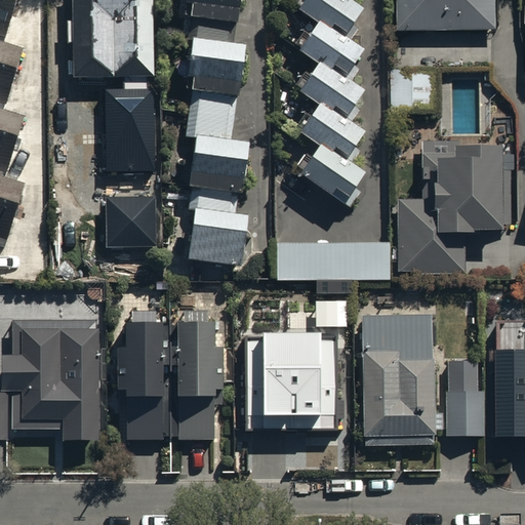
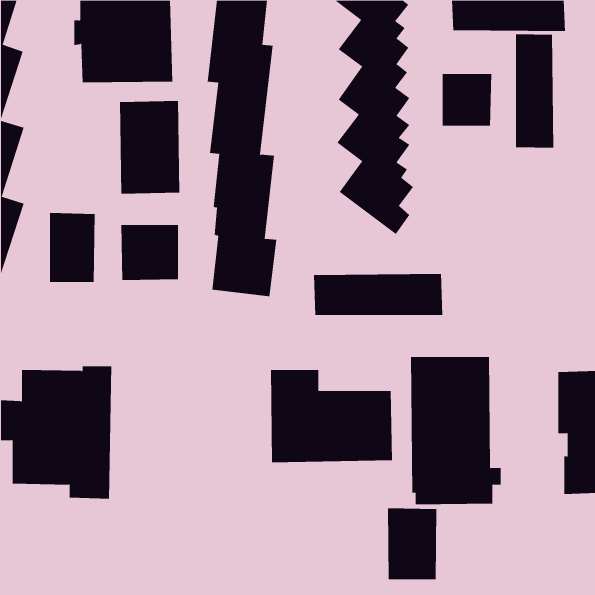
building: none -> [515,34,554,148]
building: [398,142,510,275] -> none
building: none -> [49,212,95,283]
building: [115,318,223,440] -> none
building: [447,361,485,437] -> none
building: none -> [388,508,437,580]

